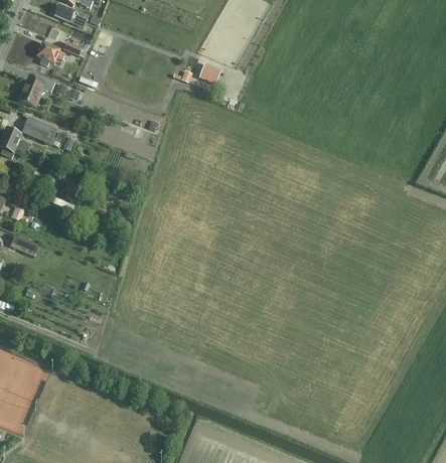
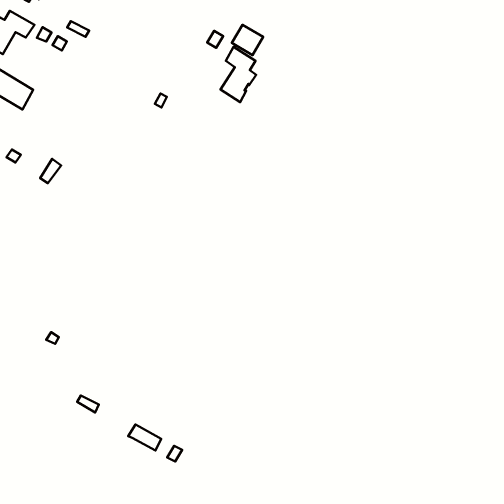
building: none -> [220,47,256,102]

